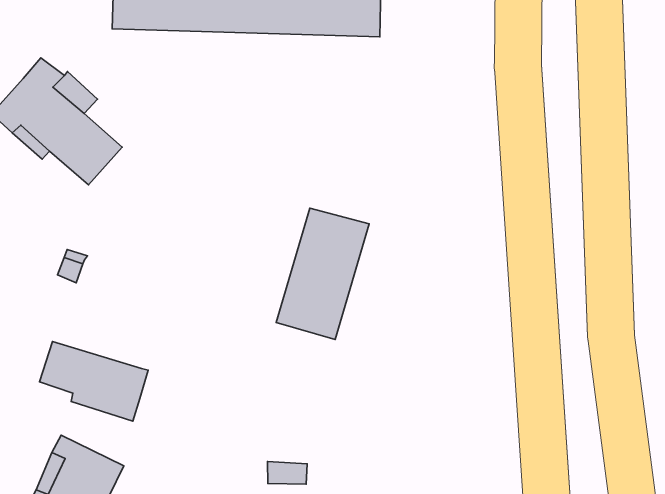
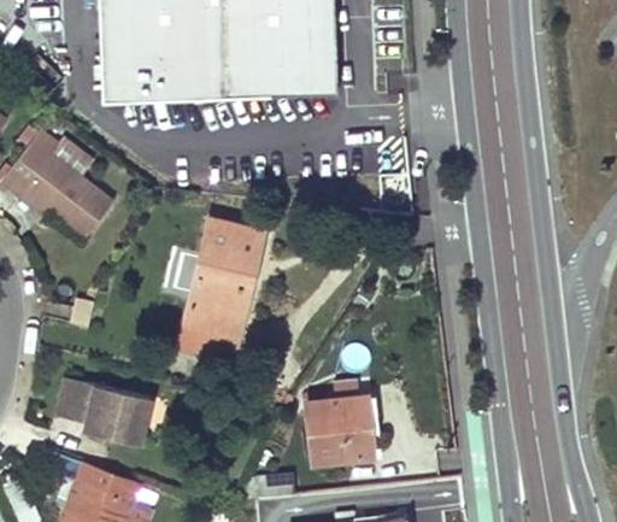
building: [276,208,369,340] -> [184,223,262,338]
building: none -> [306,398,365,464]

